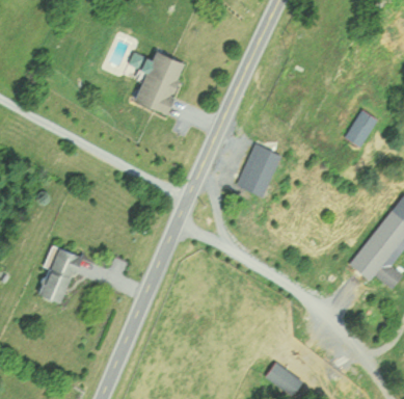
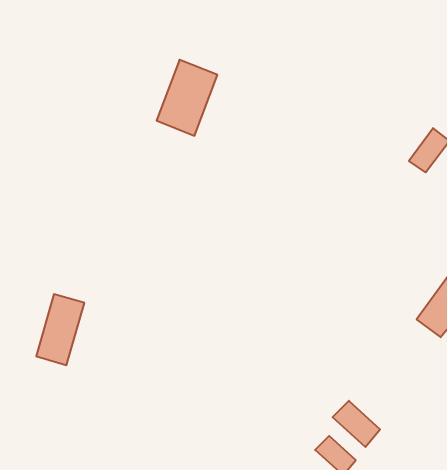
building: [236,143,277,196] -> none
building: none -> [333,401,380,447]

